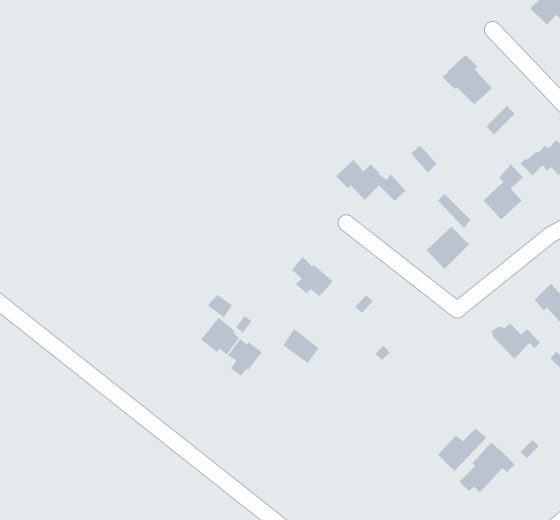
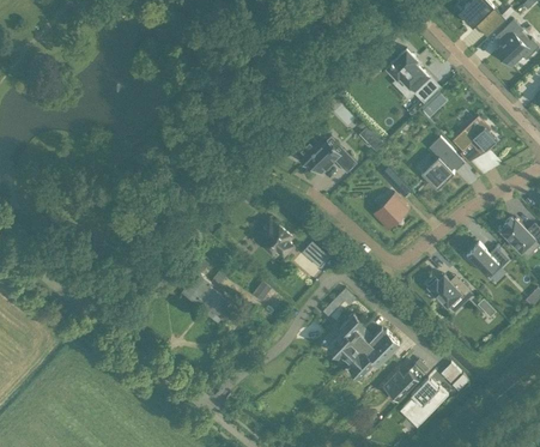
building: none -> [328,314,399,376]

